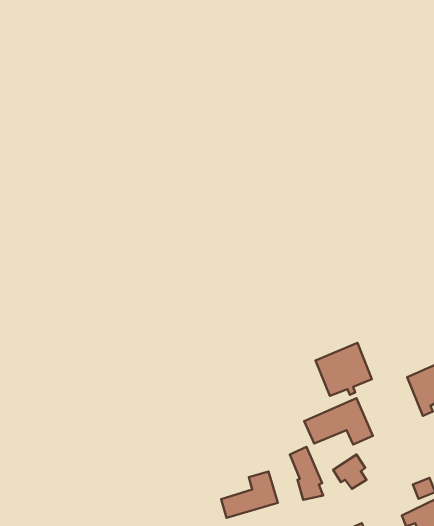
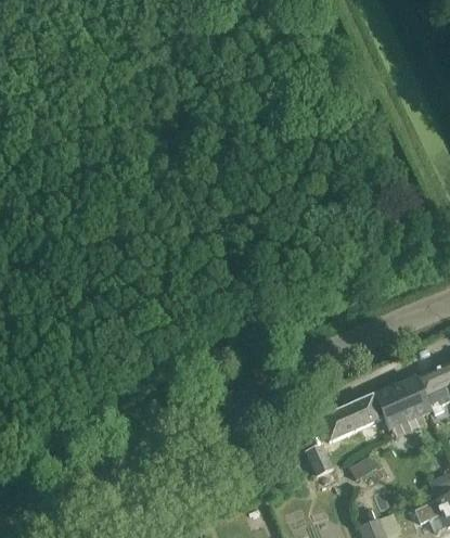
building: [315,343,372,396] -> [376,375,432,427]
building: [221,471,278,518] -> none

